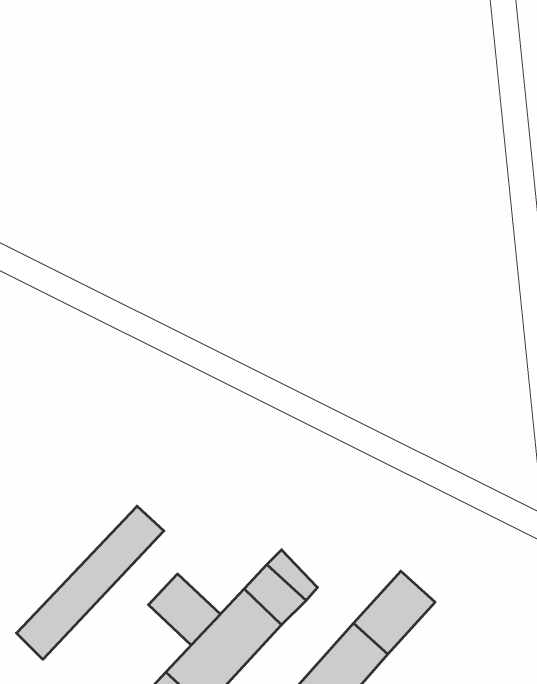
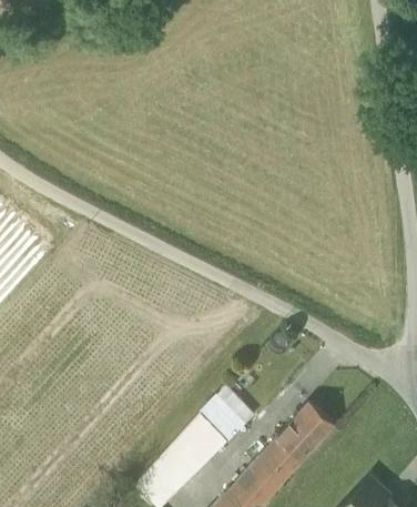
building: [16,506,164,659] -> none
building: [148,574,220,645] -> none

